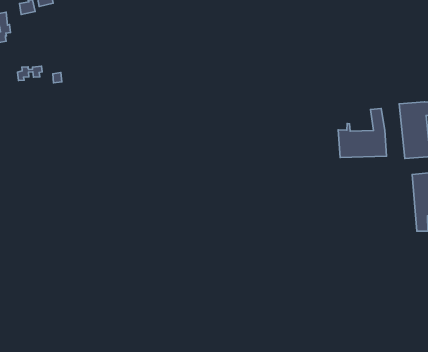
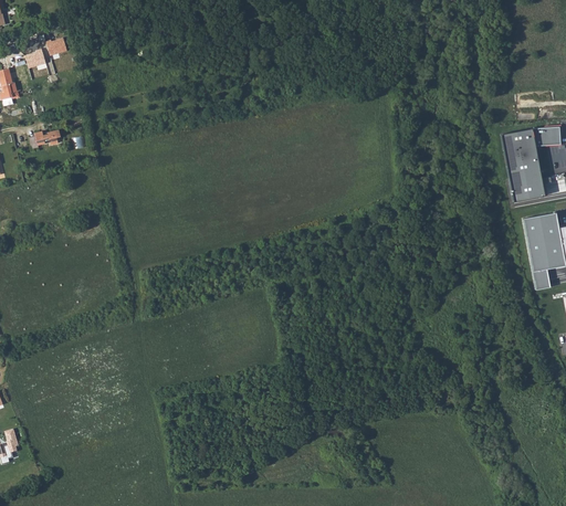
building: [338,109,387,158] -> none

